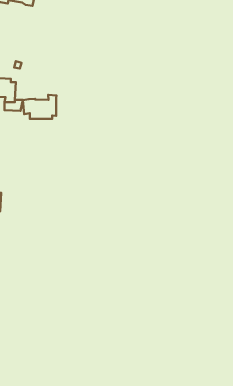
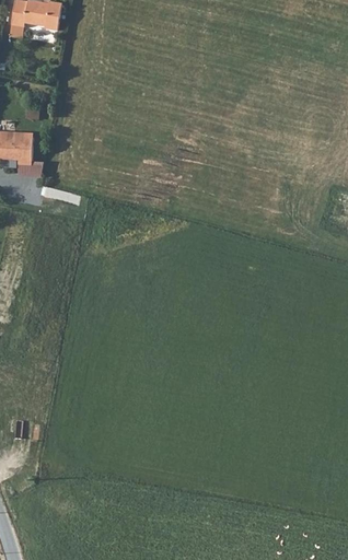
building: [23,95,56,119] -> none

